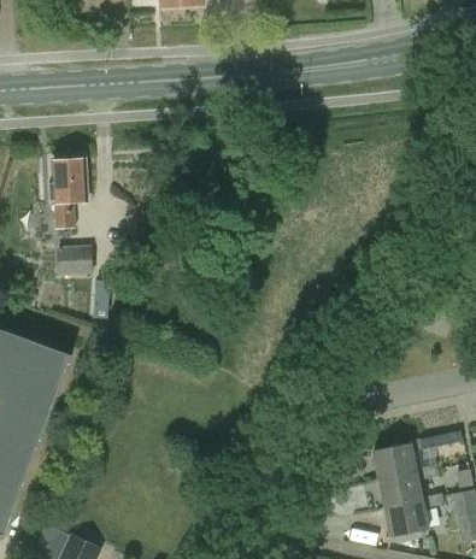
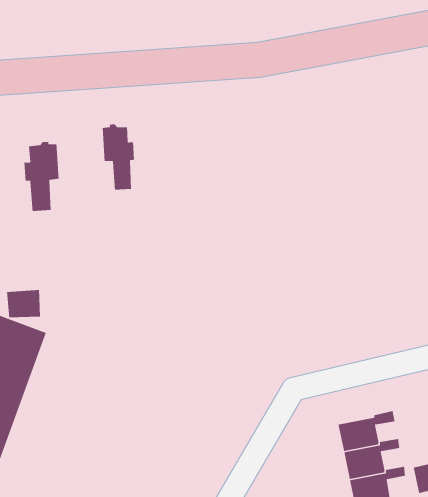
building: none -> [102,124,135,191]
building: [55,246,92,276] -> [6,289,41,318]

